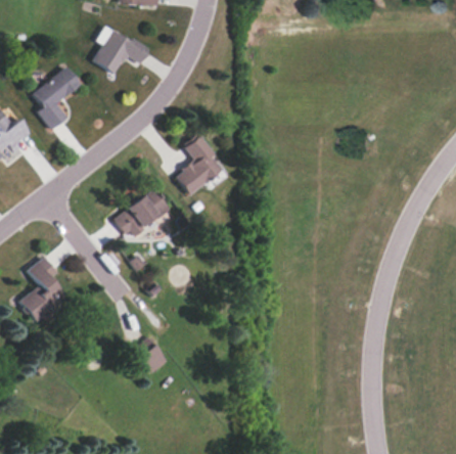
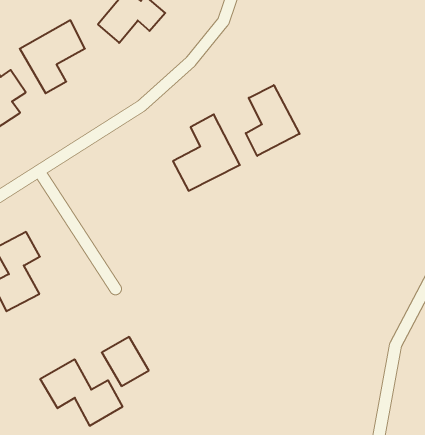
building: none -> [246,85,300,156]
building: [111,187,169,239] -> none
building: none -> [40,359,122,426]

